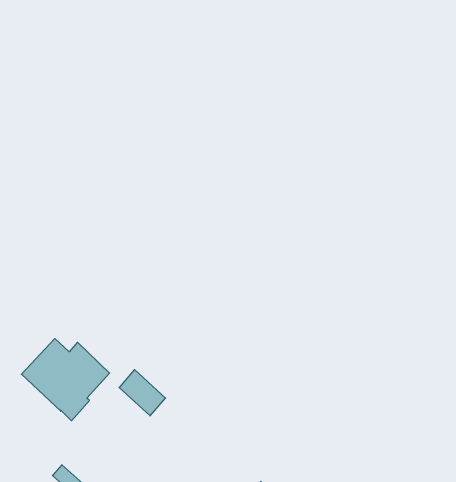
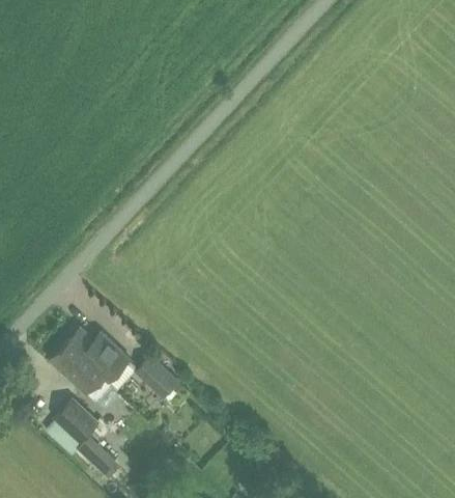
building: none -> [52,397,111,442]

